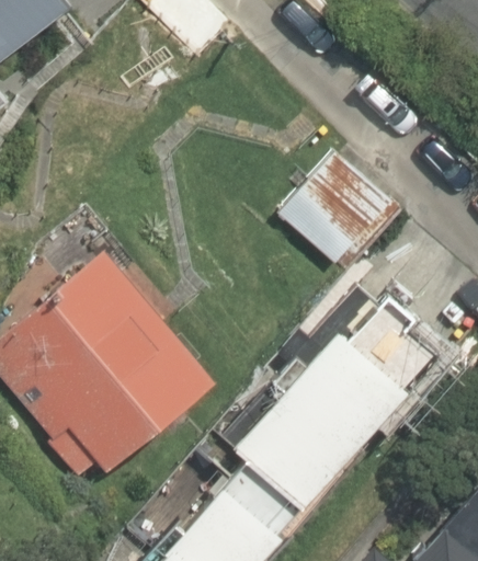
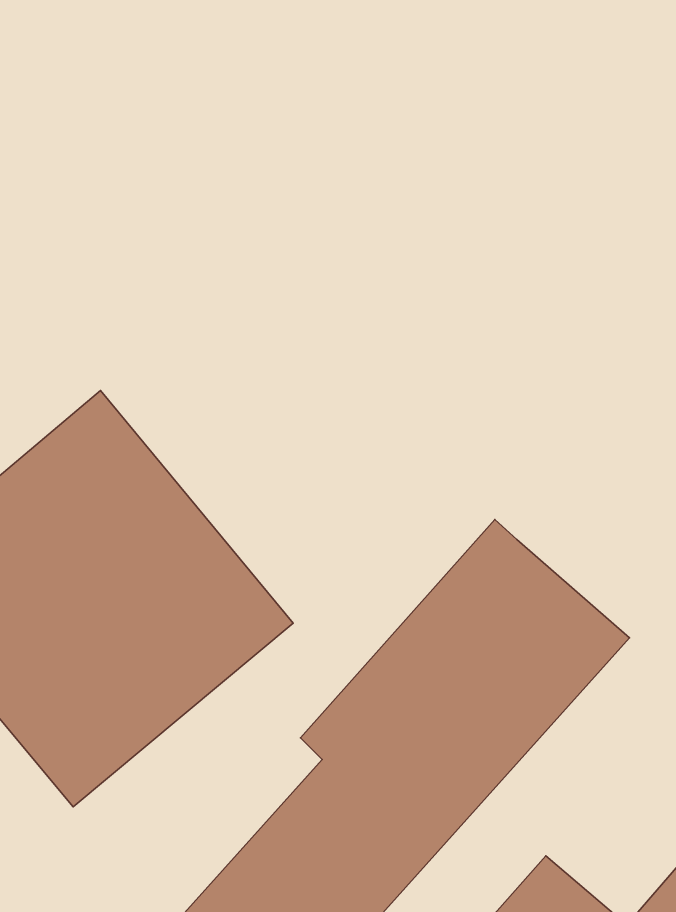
building: [263,140,389,264] -> none

